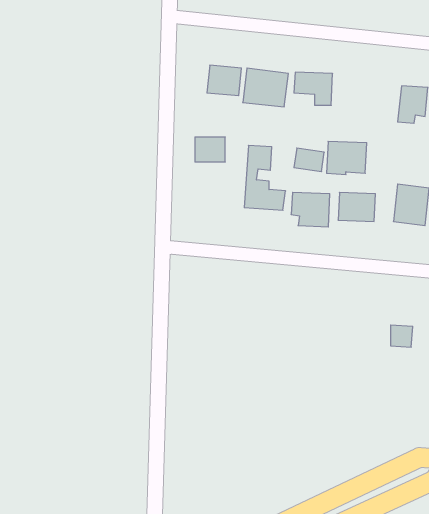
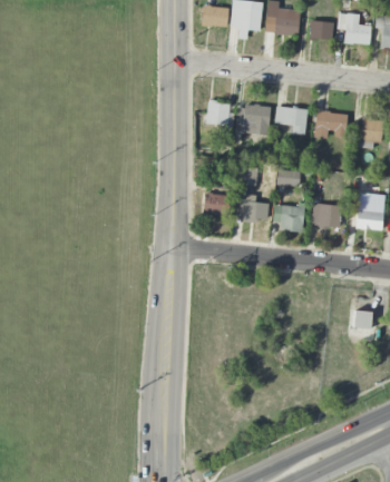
building: [195,137,225,162] -> [204,194,228,214]
building: [327,141,367,175] -> [314,111,347,138]

